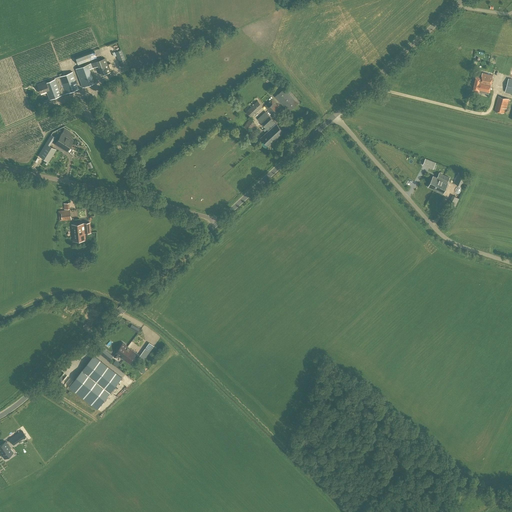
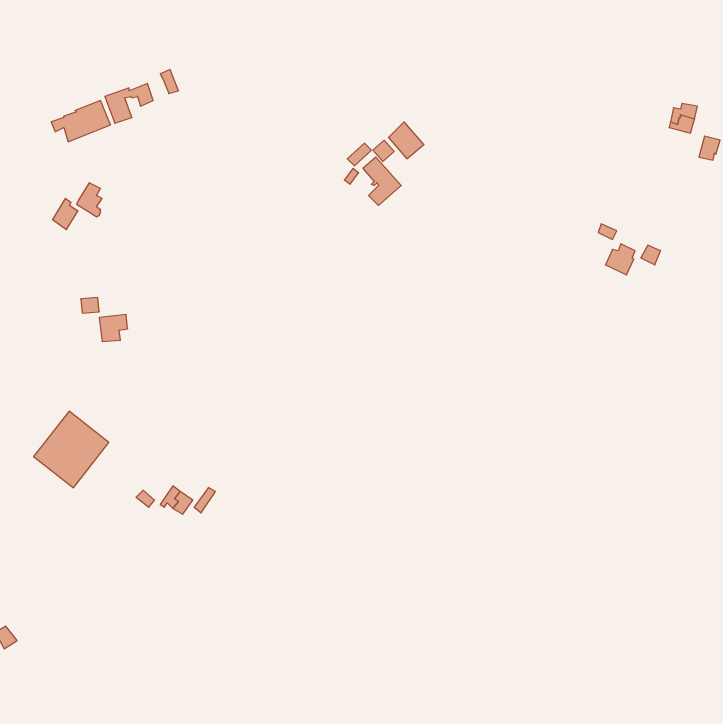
building: [68,355,121,409] -> [34,411,109,488]

